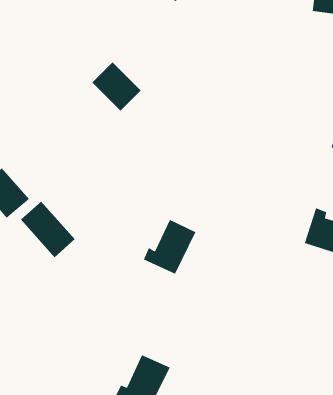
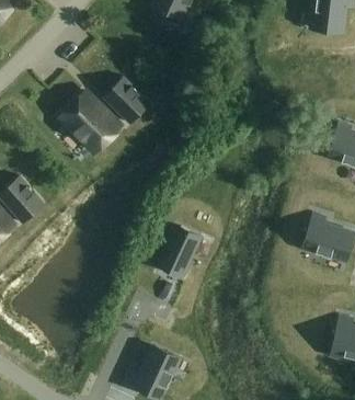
building: none -> [60,91,121,151]
building: [20,201,75,258] -> none

